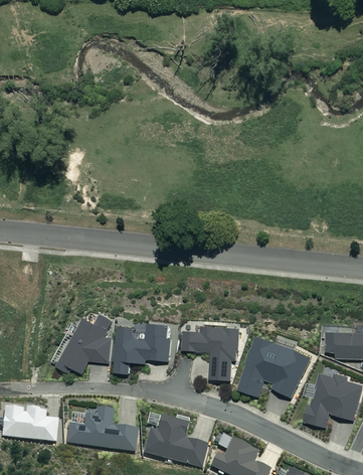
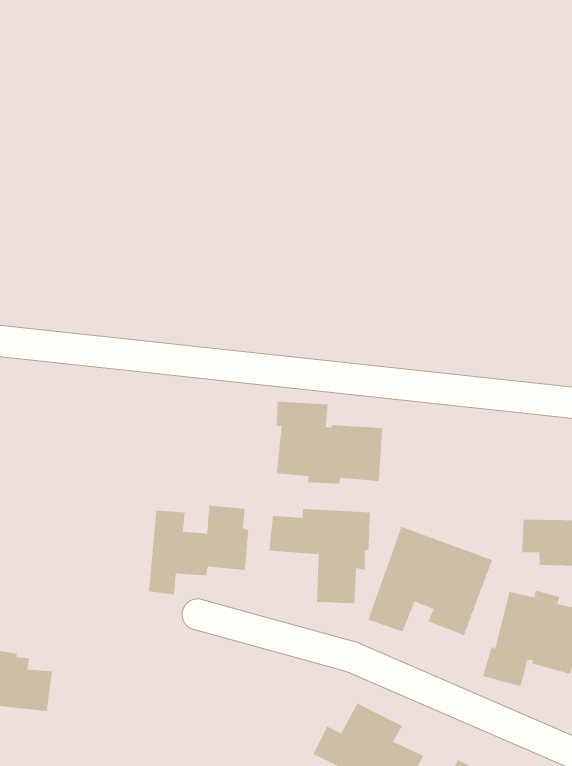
building: none -> [276,401,383,485]
building: [54,312,112,373] -> none
building: [65,407,137,450] -> none
building: [142,415,207,467] -> none

